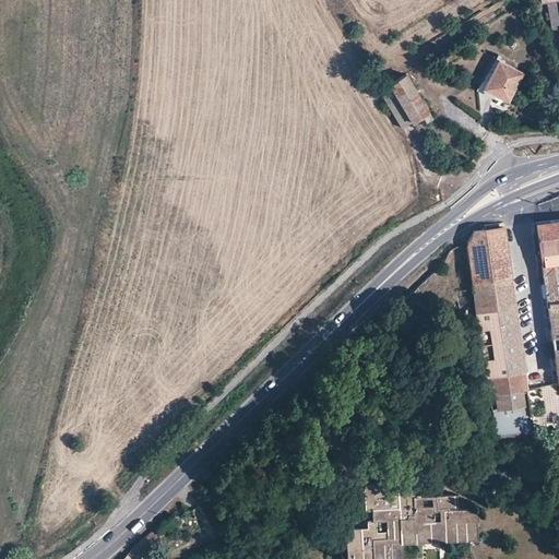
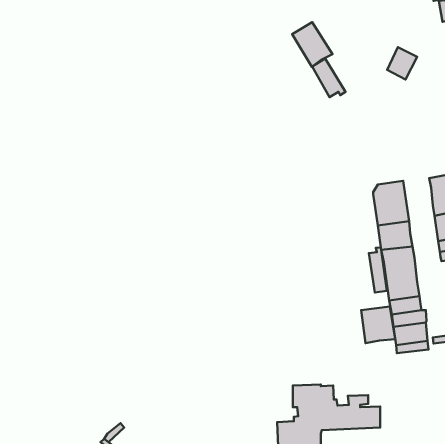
building: none -> [292,22,332,67]
building: none -> [369,247,387,292]
building: none -> [361,306,395,343]

